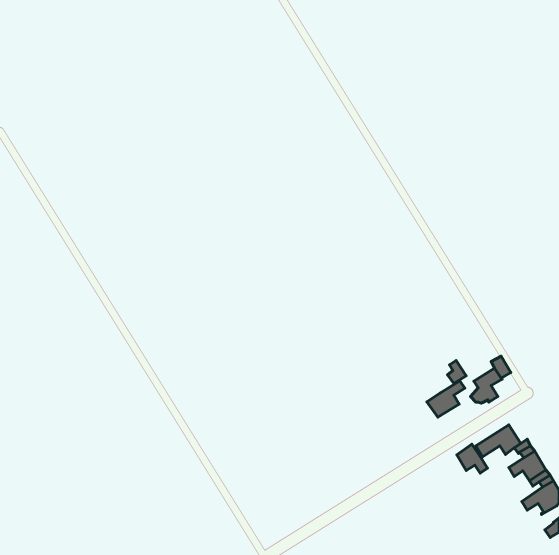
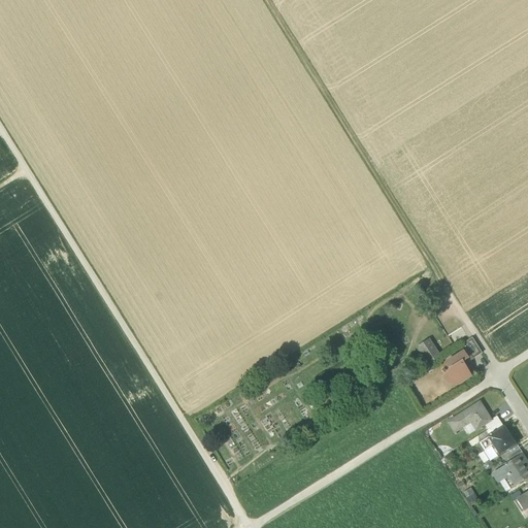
building: [427,381,465,417] -> none
building: [457,444,488,473] -> none

